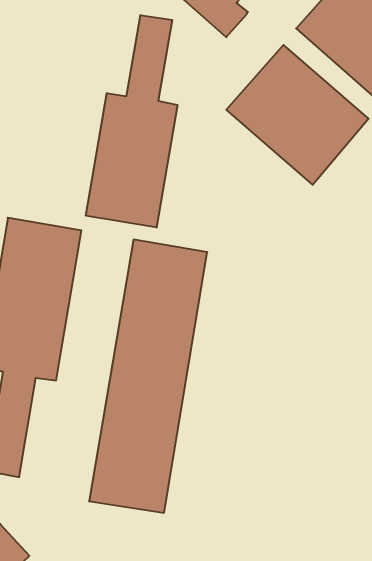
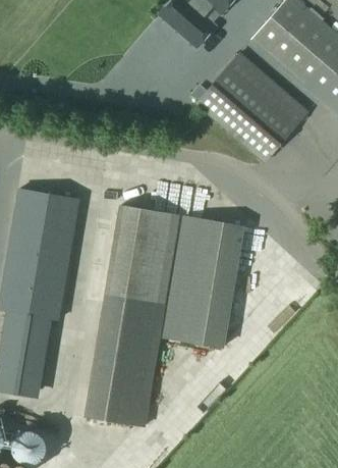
building: [86,15,177,228] -> none
building: none -> [164,217,244,348]

